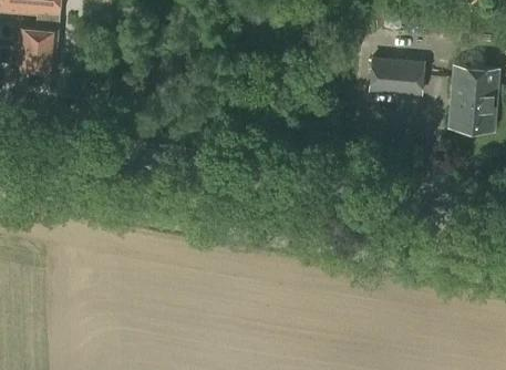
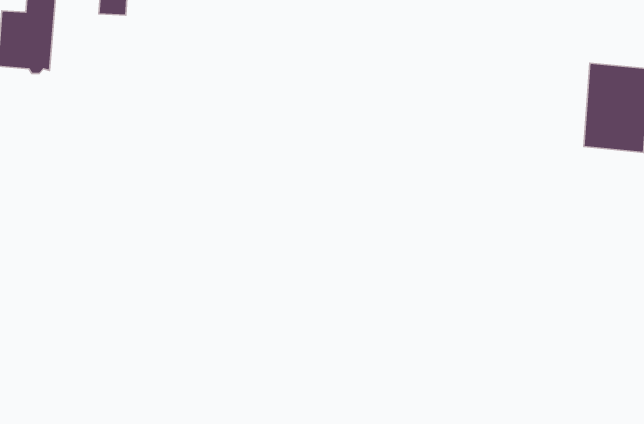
building: [366,56,423,94] -> none

